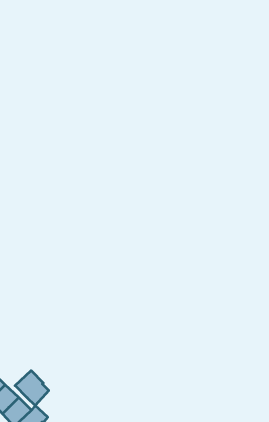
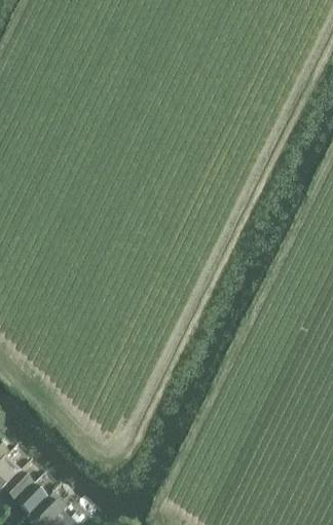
building: [15,371,49,406] -> none

